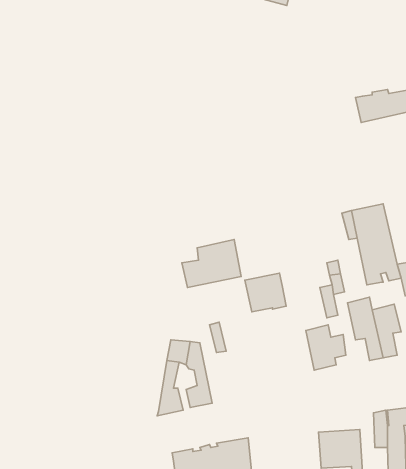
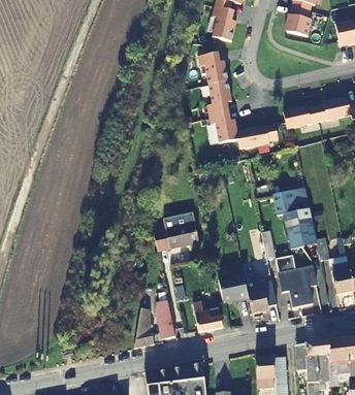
building: none -> [198,54,279,150]
building: [245,273,286,312] -> [218,276,249,305]
building: none -> [195,304,224,333]

